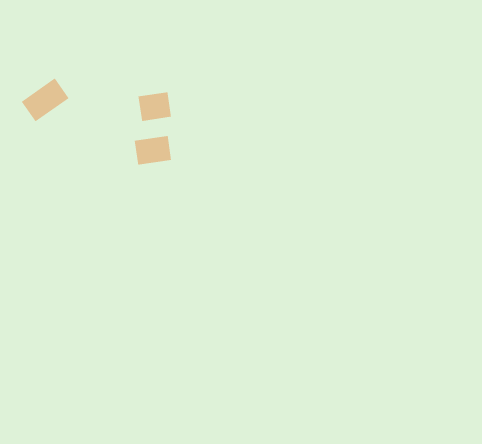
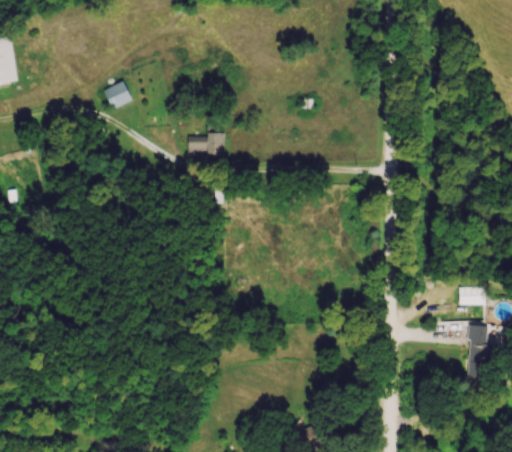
building: [138,92,172,122] -> none

